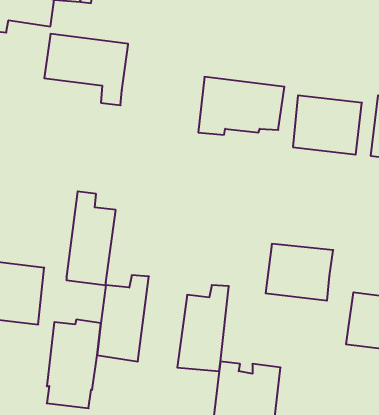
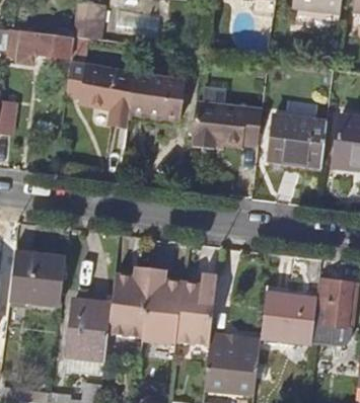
building: none -> [129,75,186,119]
building: [66,191,116,285] -> [142,265,183,342]
building: [266,244,333,301] -> [261,295,316,341]

